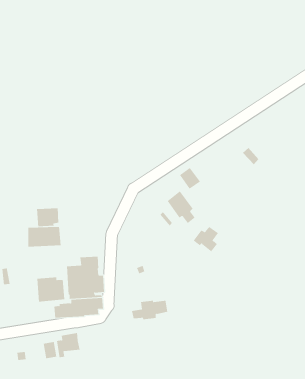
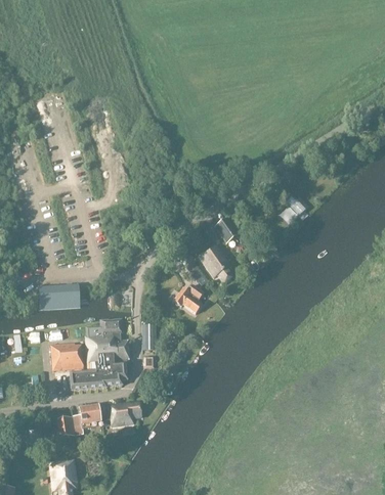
building: [37,208,59,227] -> none
building: [193,226,219,252] -> [173,283,203,313]
building: [131,300,168,320] -> [98,402,140,424]

